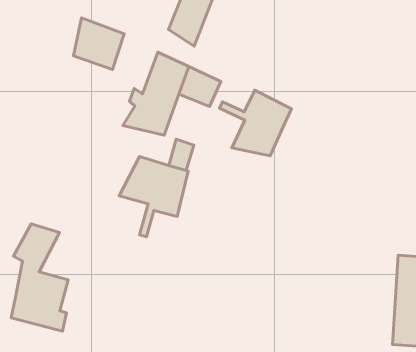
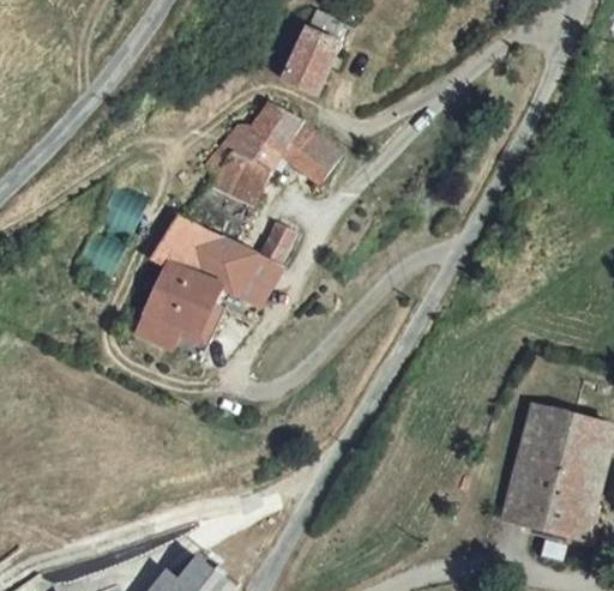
building: [74,18,124,70] -> none
building: [219,90,291,156] -> none
building: [11,224,68,331] -> [138,213,218,357]

